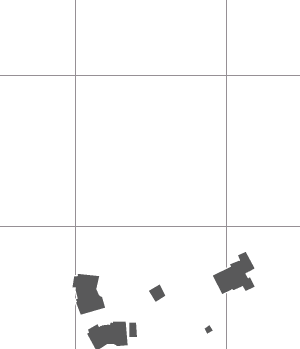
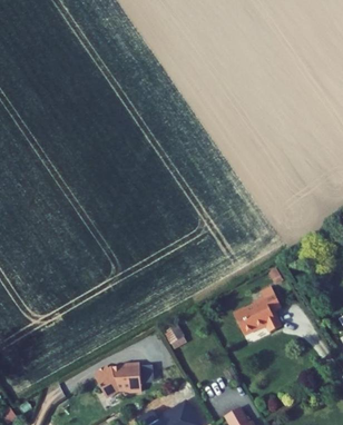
building: [72,273,106,315] -> none

